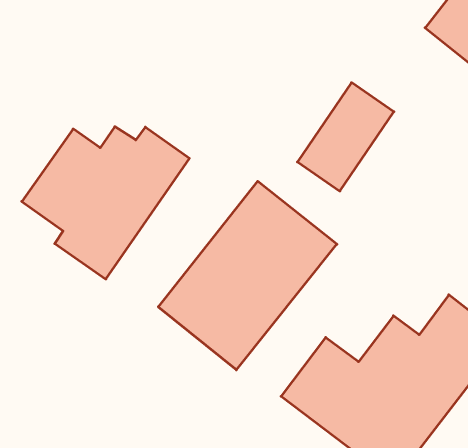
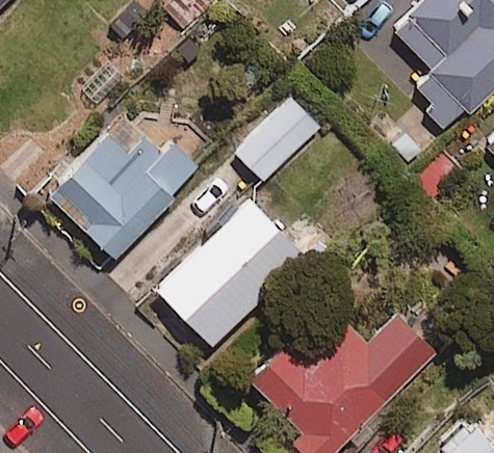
building: [297,83,394,191] -> [234,96,319,183]

